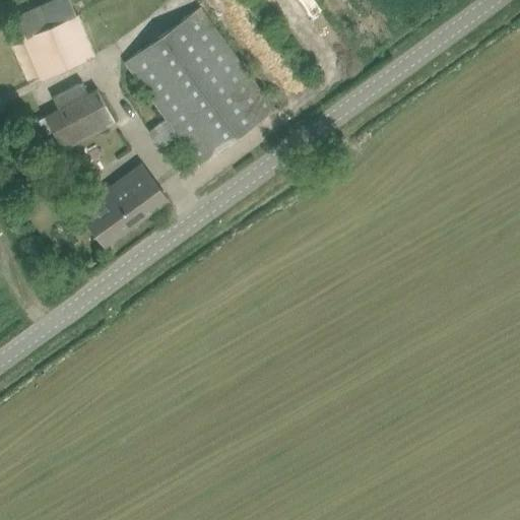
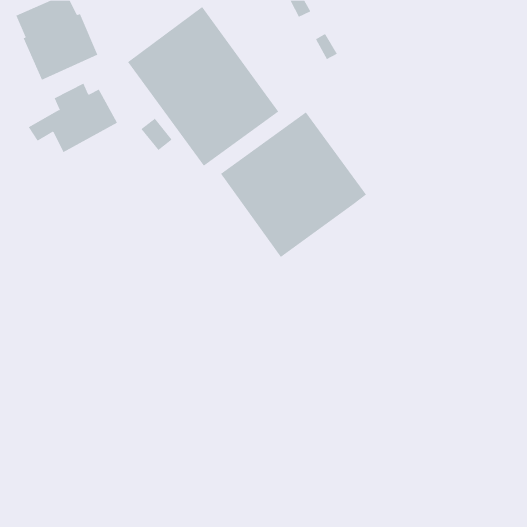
building: none -> [220,112,367,258]
building: [79,166,168,246] -> none

